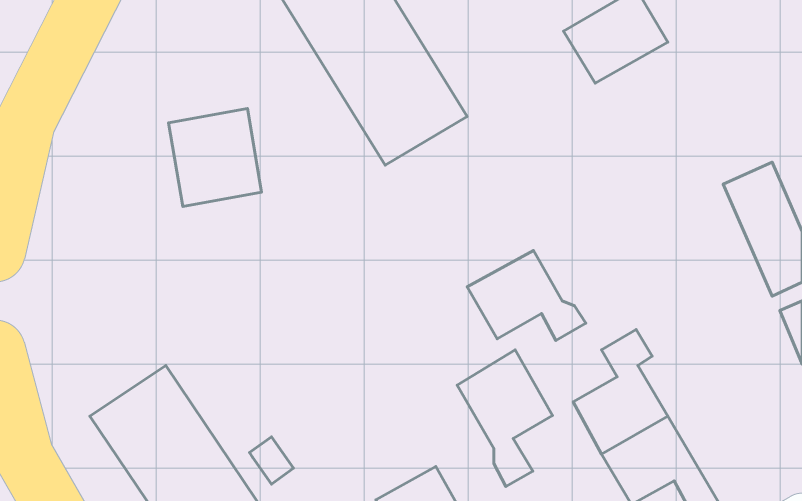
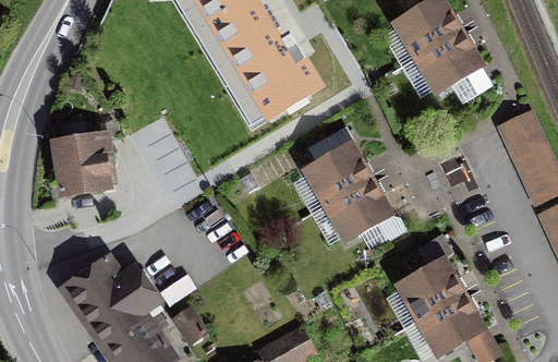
building: none -> [411,32,483,98]
building: [168,109,262,206] -> [48,130,112,197]
building: none -> [303,123,368,201]
building: [457,350,553,486] -> none

